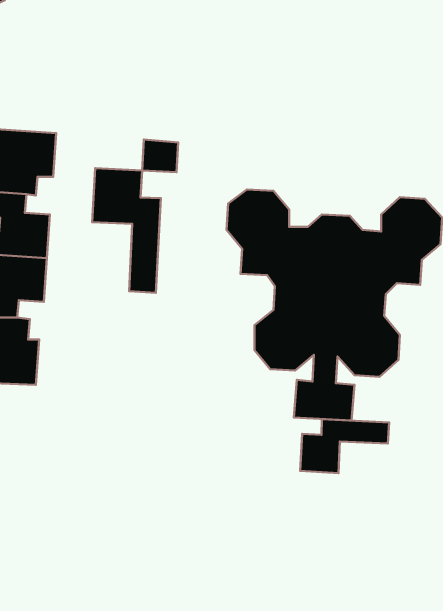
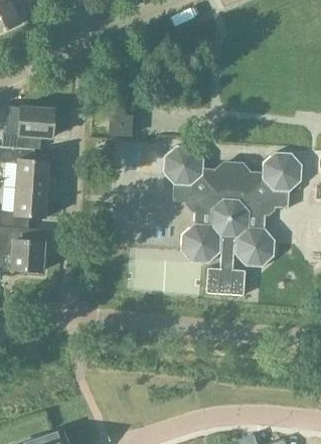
building: [92,168,161,293] -> none
building: [300,419,389,473] -> none

